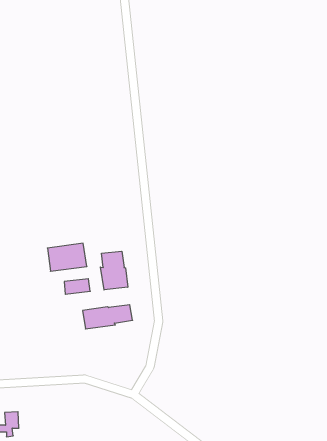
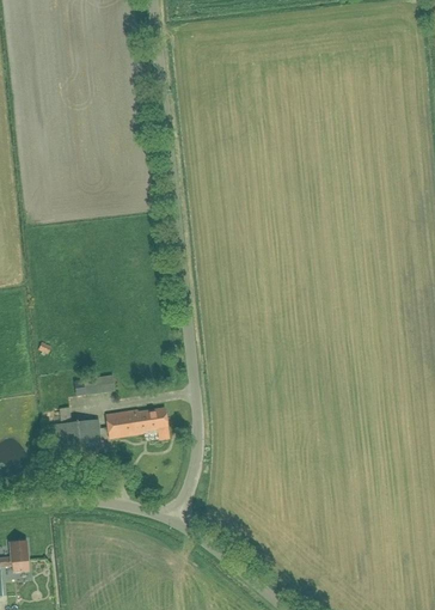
building: [47,243,87,271] -> [54,419,103,453]
building: [100,251,128,290] -> none

